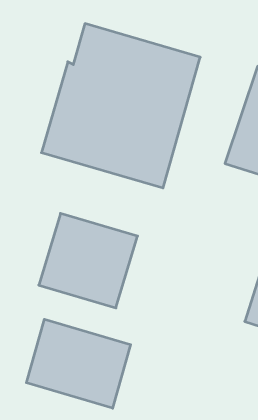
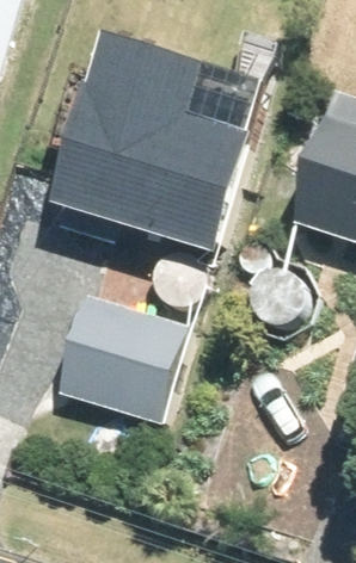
building: [26,319,131,408] -> none

